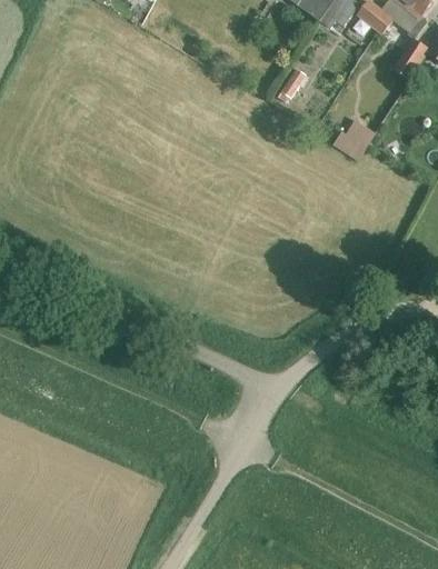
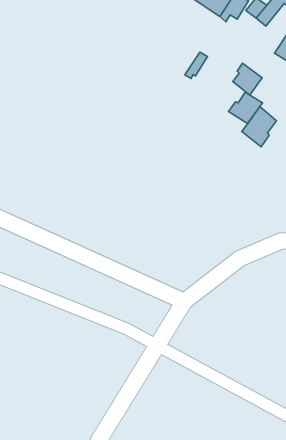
building: none -> [233,63,262,95]
building: none -> [242,107,276,147]

